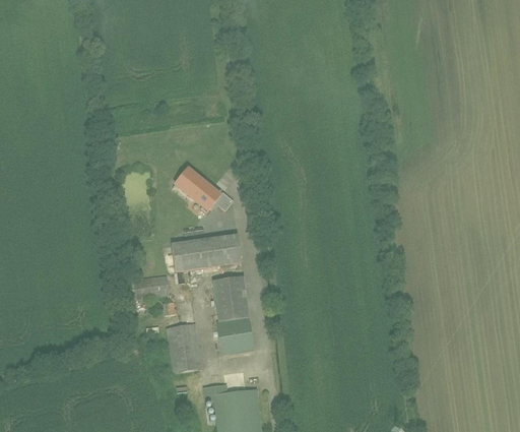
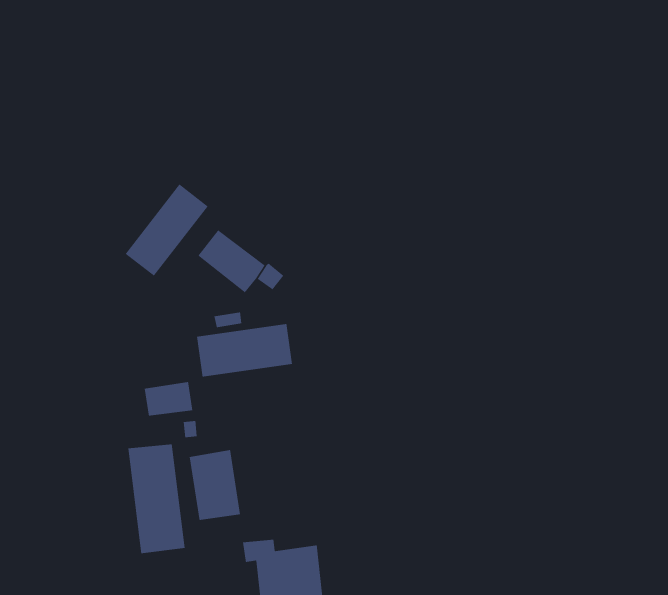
building: none -> [125,184,209,277]
building: [212,275,253,353] -> [128,444,185,554]

